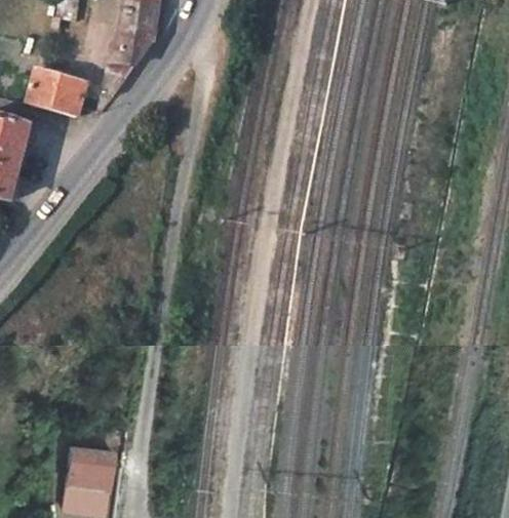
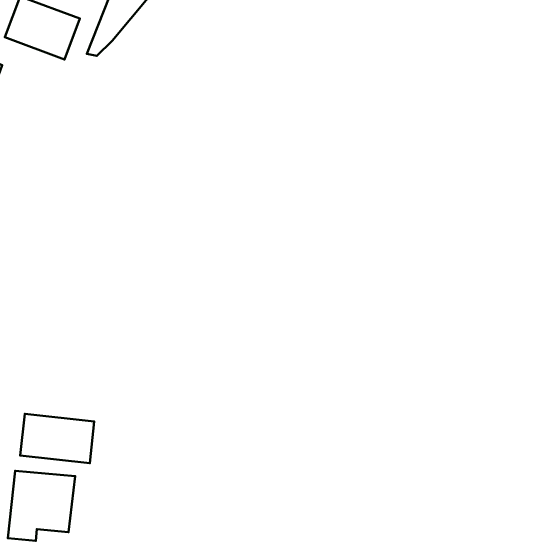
building: none -> [20,414,94,463]

